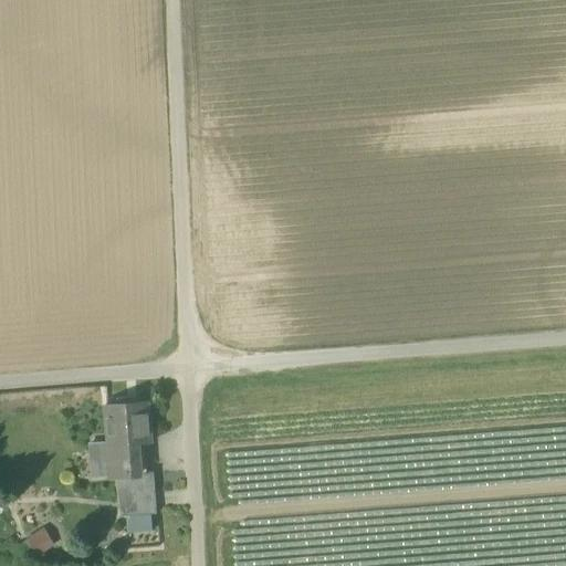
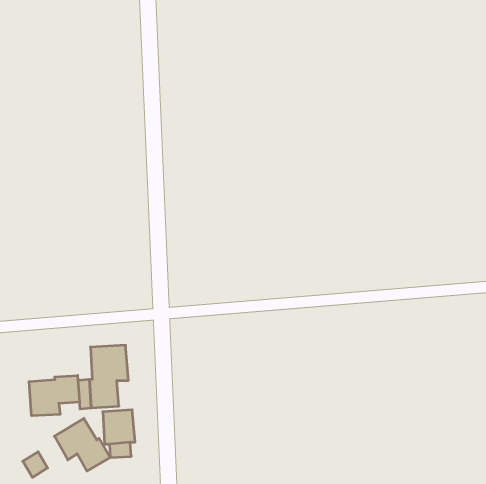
building: none -> [29,375,79,416]
building: none -> [54,418,110,471]

